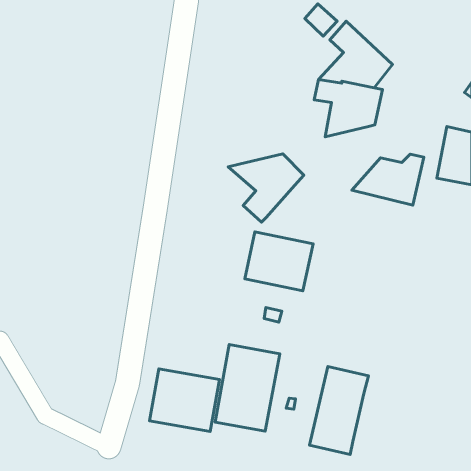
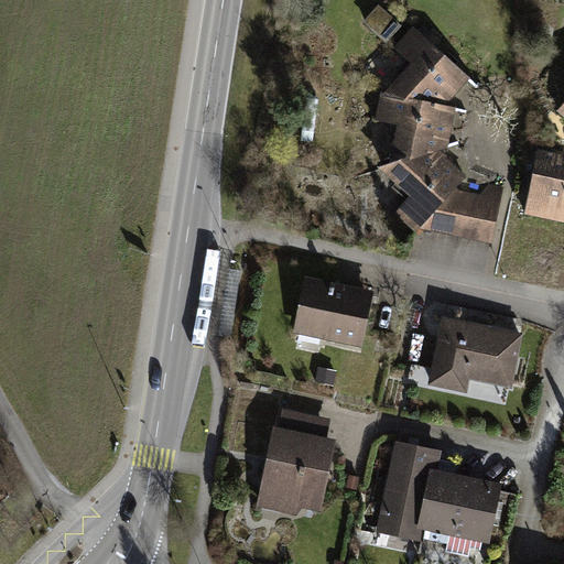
building: [228,154,304,222] -> [376,152,466,234]
building: none -> [427,317,524,393]
building: [149,369,219,431] -> none
building: none -> [422,470,501,542]

